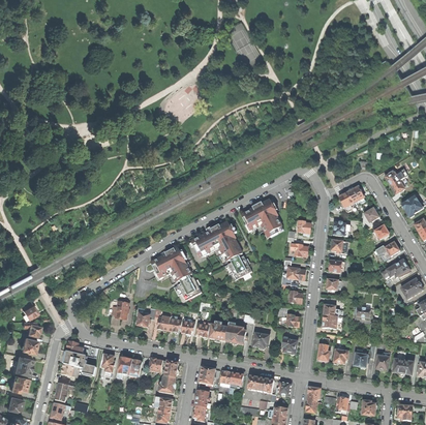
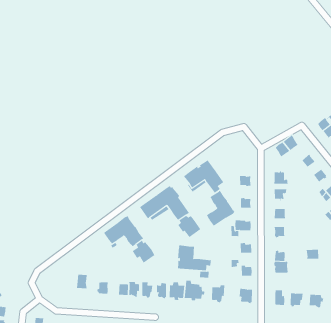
building: none -> [206,190,235,227]
building: none -> [177,244,211,271]

